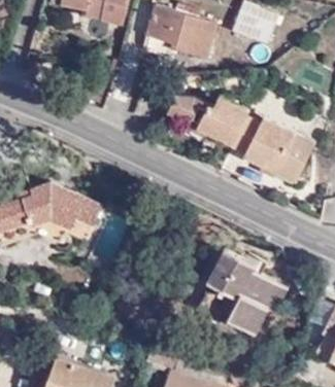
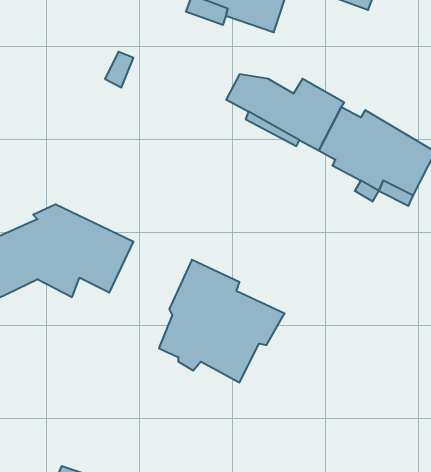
building: [211,252,298,337] -> [159,260,285,382]

